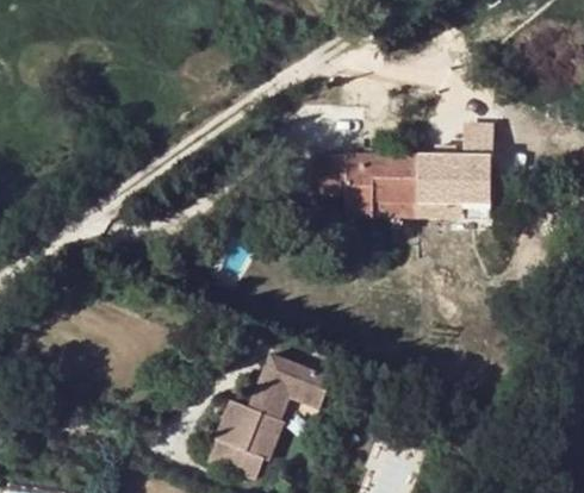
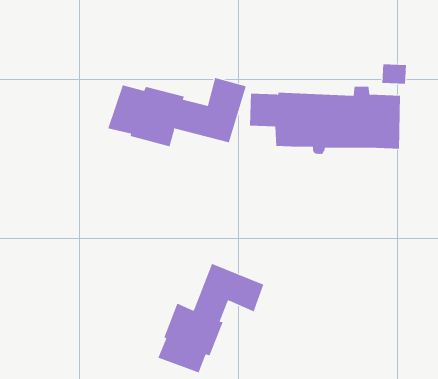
building: none -> [108,77,246,147]

